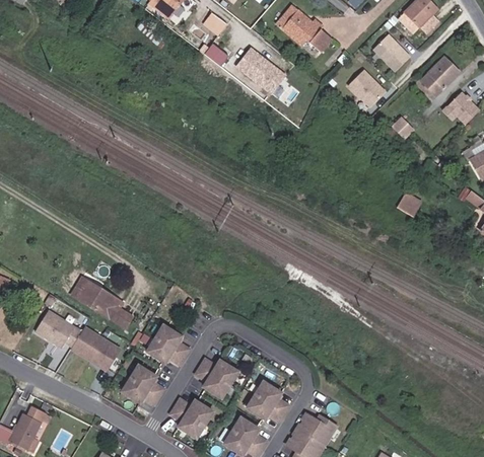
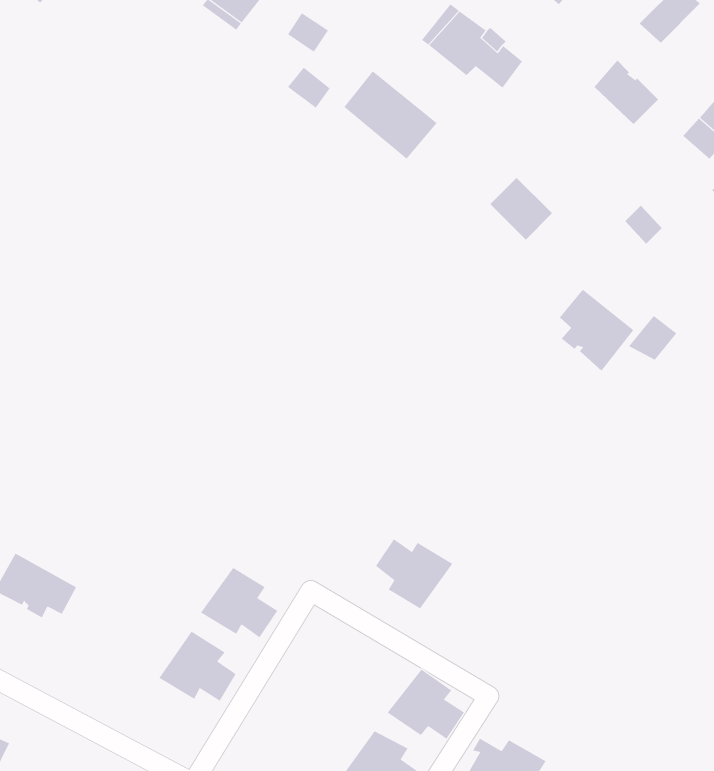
building: [347,75,383,110] -> [489,177,553,240]
building: none -> [559,289,634,371]
building: [74,282,129,329] -> none
building: [72,328,119,369] -> none
building: [201,356,245,395] -> [375,539,453,609]
building: [178,392,220,431] -> none

